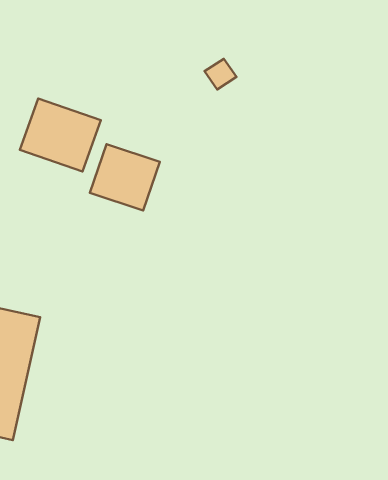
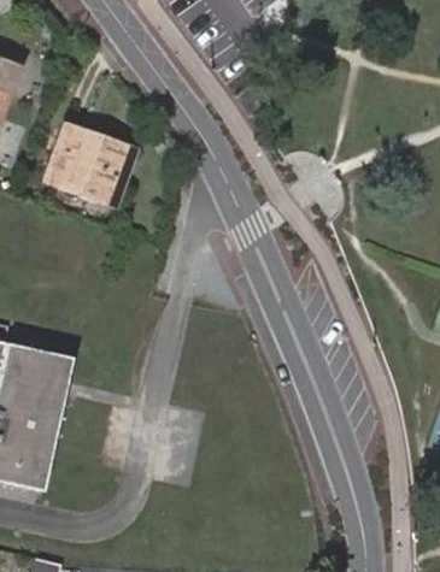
building: [90,144,160,211] -> none

